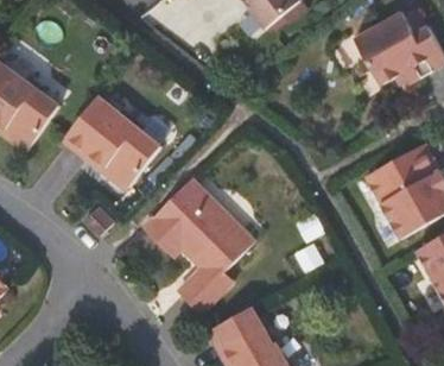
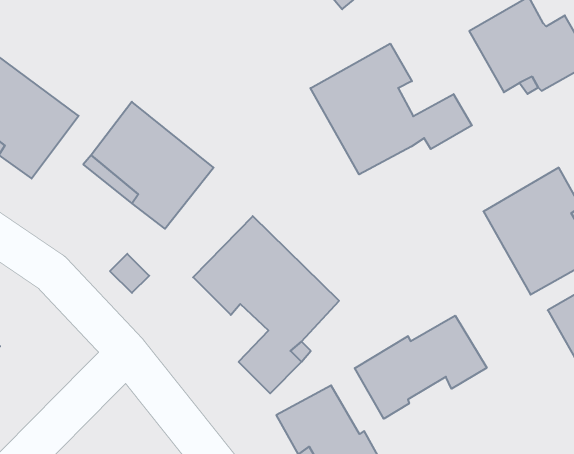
building: none -> [310,44,472,174]
building: none -> [355,316,487,419]

